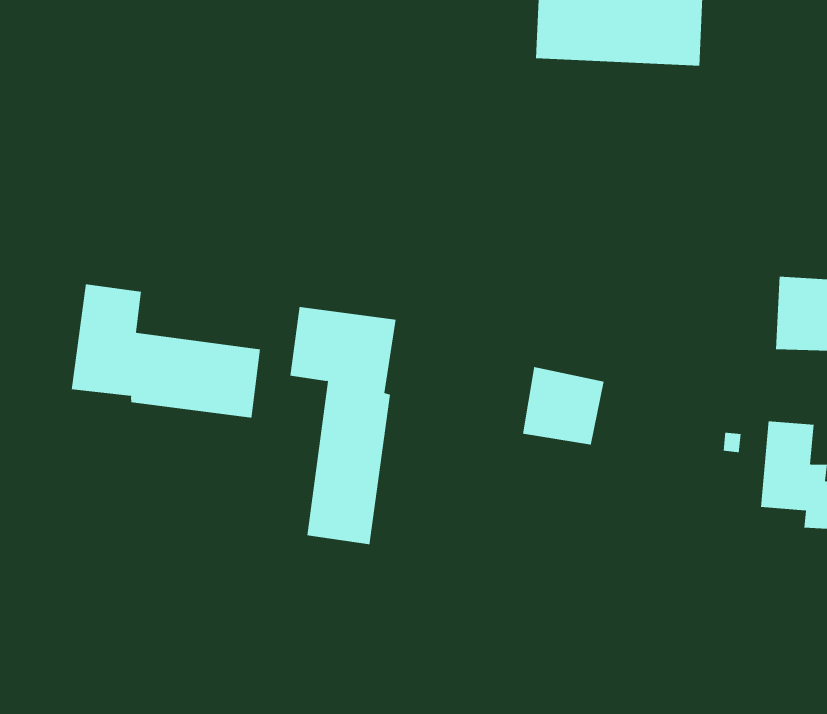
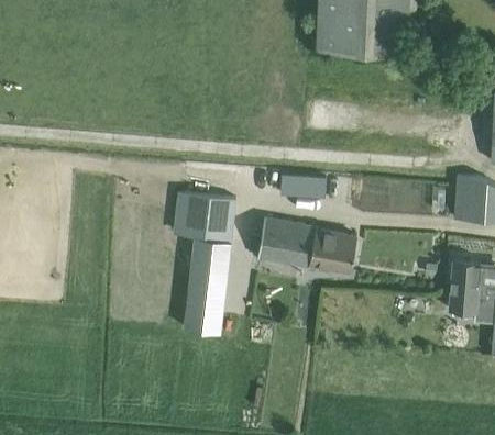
building: none -> [280,176,326,197]
building: [71,284,261,419] -> none
building: none -> [256,217,316,266]

